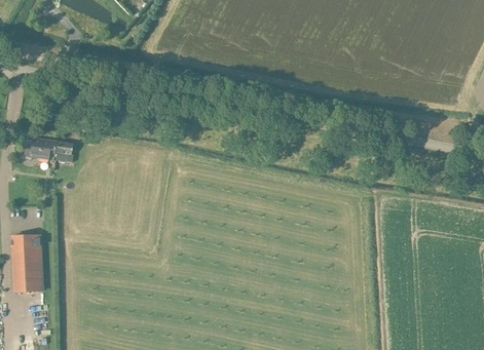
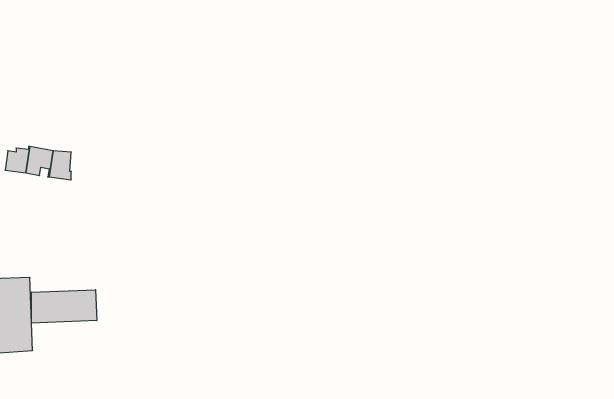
building: none -> [32,290,97,323]

